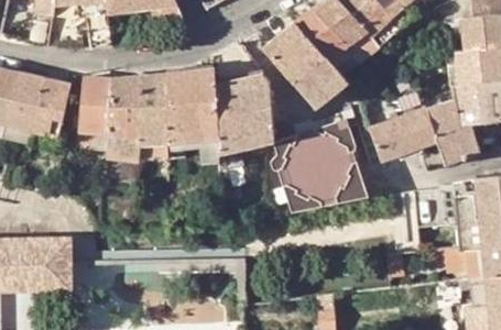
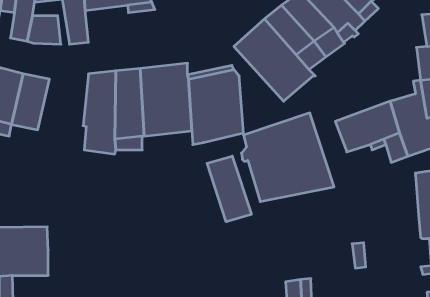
building: [79,76,111,132] -> none
building: none -> [207,156,251,222]

